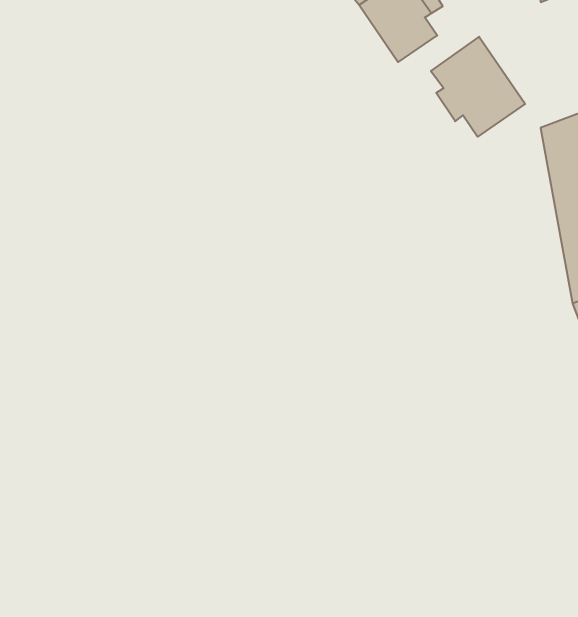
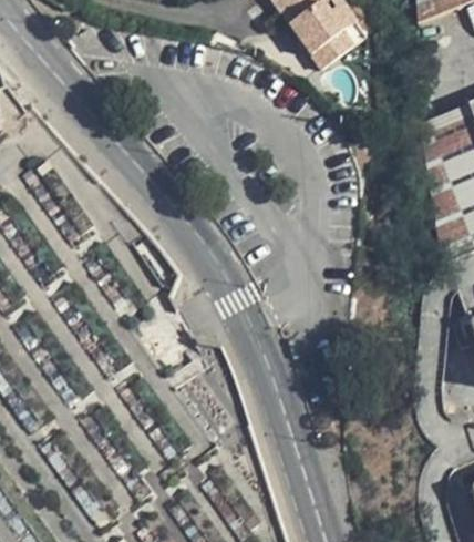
building: [431,37,525,137] -> none

